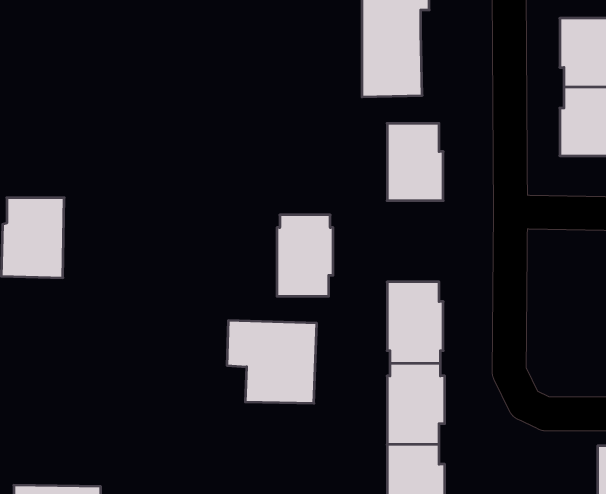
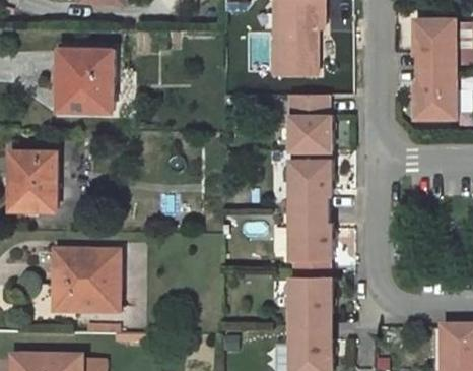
building: none -> [59,47,113,108]
building: [277,215,333,296] -> [289,150,330,209]
building: [227,321,317,403] -> [56,250,121,310]

